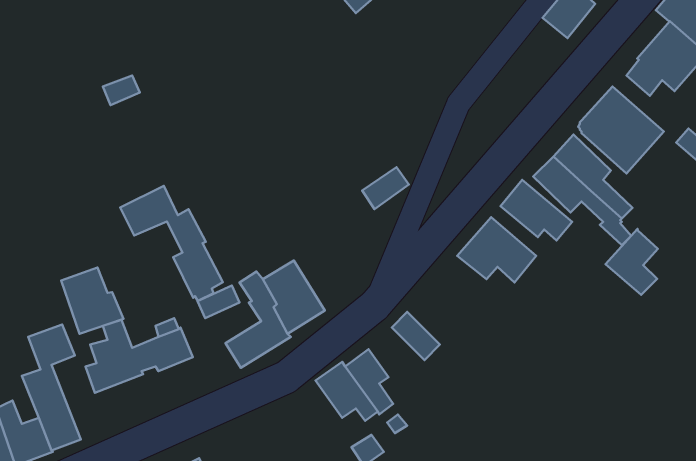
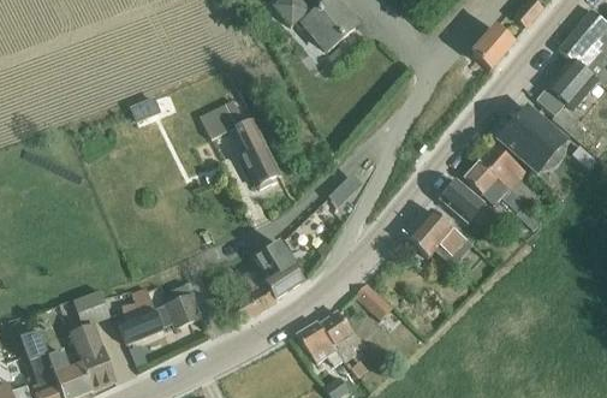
building: [120,186,223,301] -> [200,100,279,189]
building: [605,229,658,295] -> none
building: [61,267,124,334] -> none

